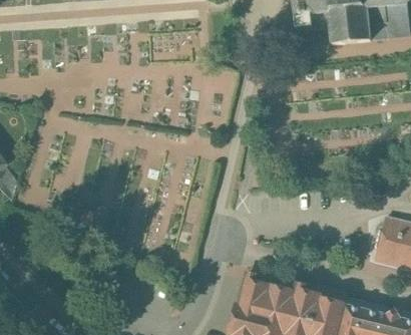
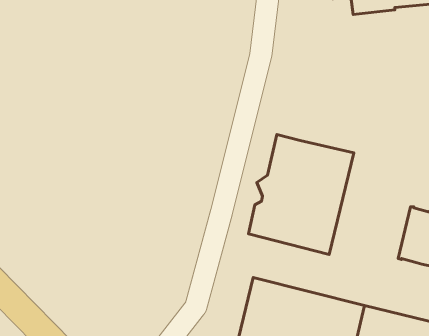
building: none -> [248,135,354,254]

